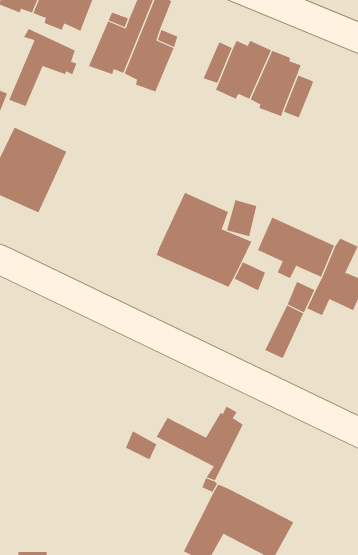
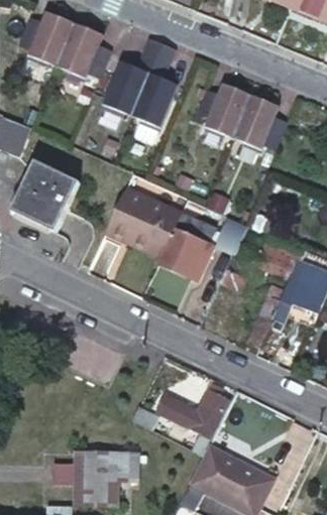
building: [9,28,77,107] -> none
building: none -> [107,189,181,257]
building: none -> [49,449,137,503]

